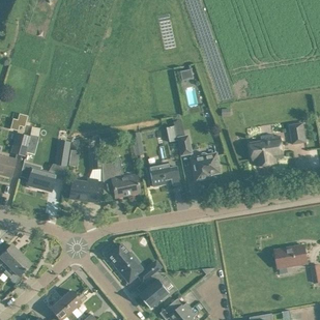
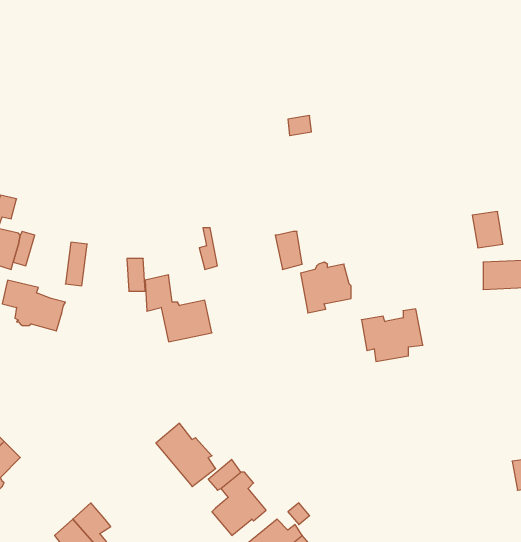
building: [250,136,285,166] -> [361,309,423,361]
building: [148,162,179,185] -> none
building: [69,177,97,201] -> none
building: [274,244,308,268] -> none

